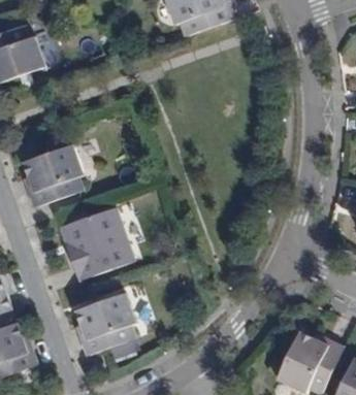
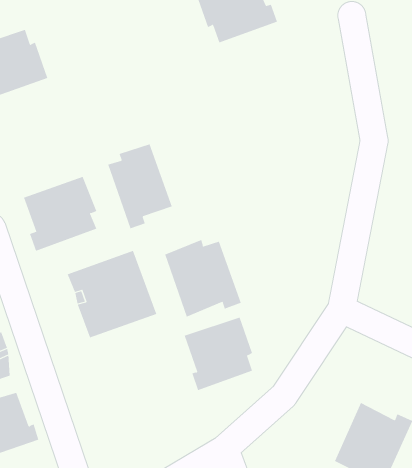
building: none -> [108,144,173,229]
building: none -> [164,239,242,318]
building: [74,294,131,355] -> [184,317,253,391]

